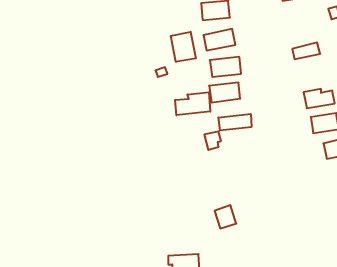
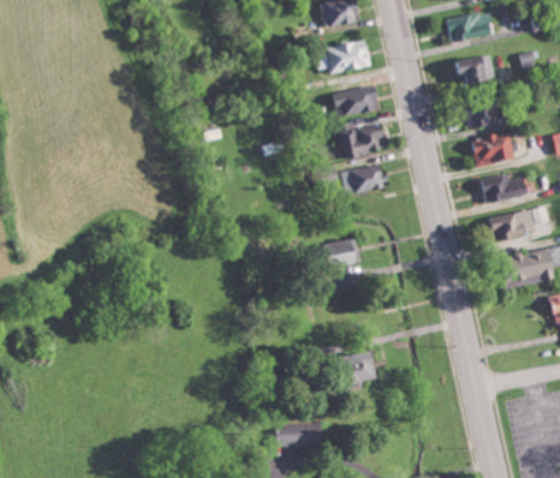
building: none -> [452,54,494,83]
building: [171,32,196,62] -> none
building: none -> [471,132,513,166]
building: [175,92,210,115] -> none
building: [218,114,251,130] -> none

